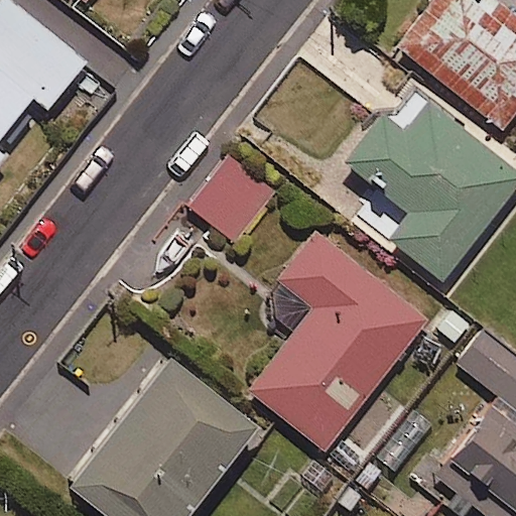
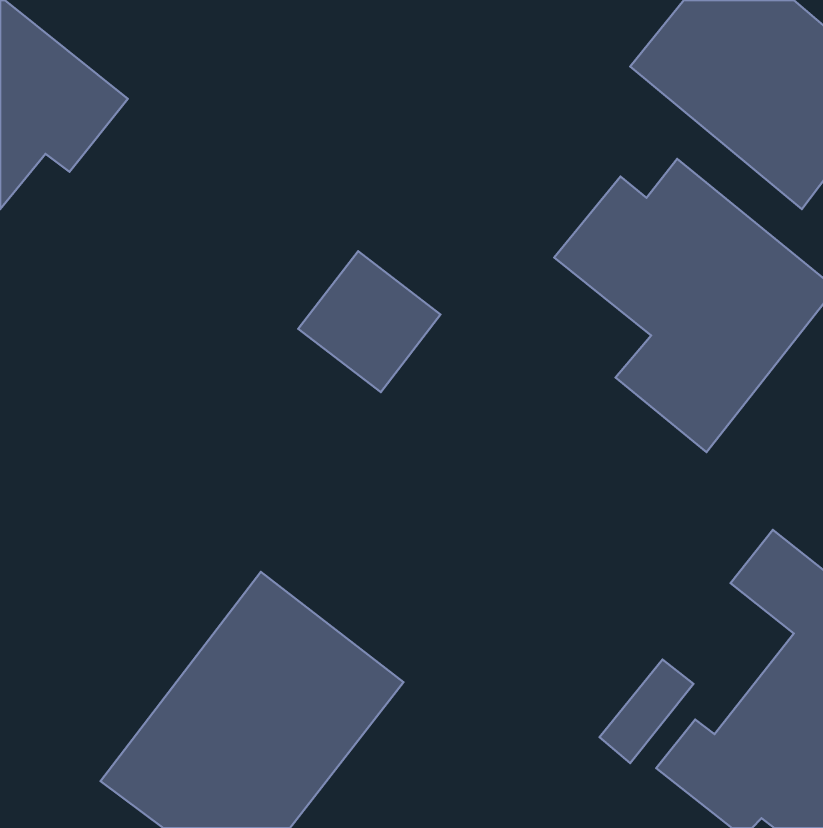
building: [248,230,430,473] -> none

